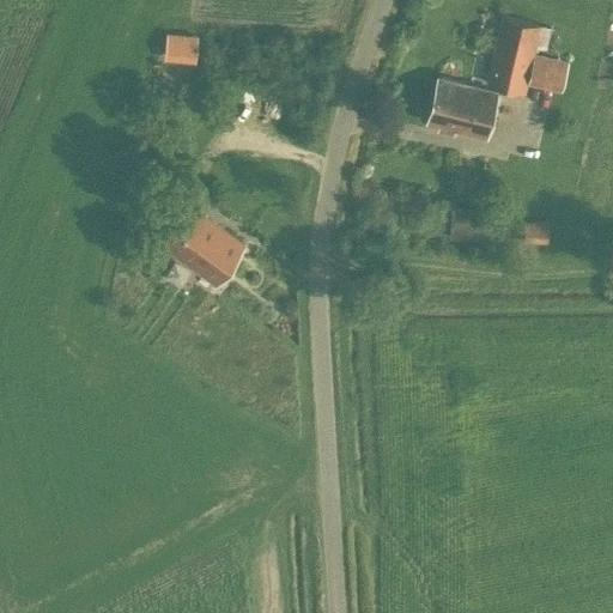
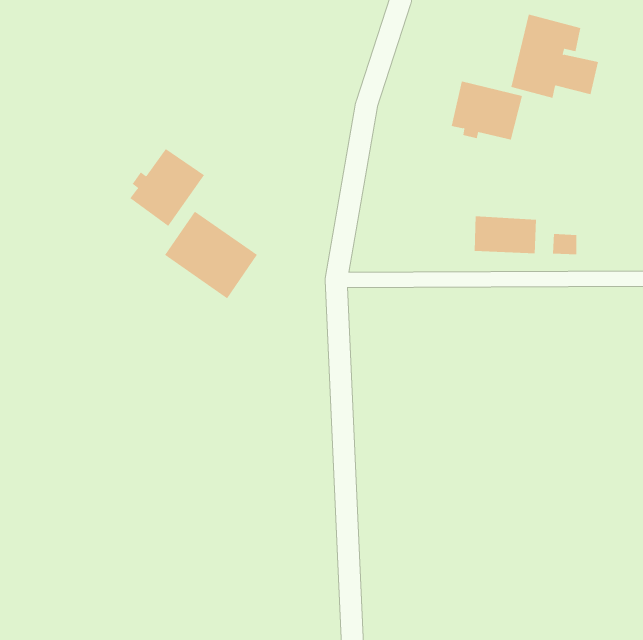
building: [168,36,201,63] -> none
building: none -> [129,148,205,227]

